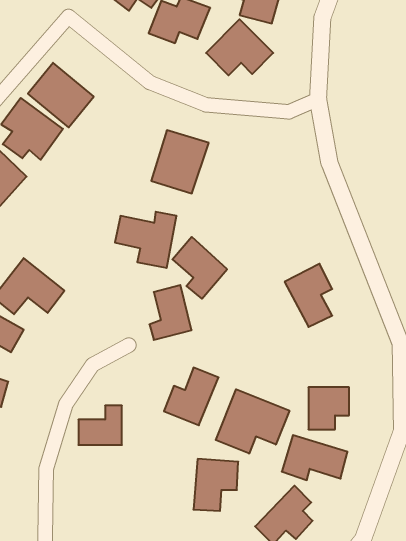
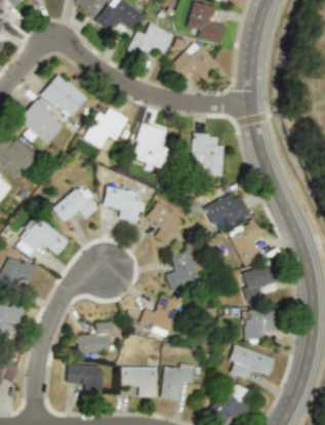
building: none -> [84,109,128,148]
building: none -> [192,133,224,177]
building: none -> [52,188,99,224]
building: none -> [203,191,249,226]
building: [149,285,192,340] -> [167,247,198,287]
building: none -> [240,266,276,301]
building: [216,389,289,454] -> none
building: none -> [67,365,105,395]
building: none -> [120,368,158,397]

